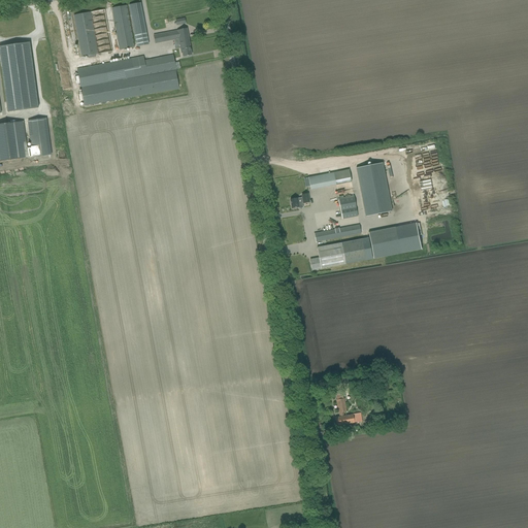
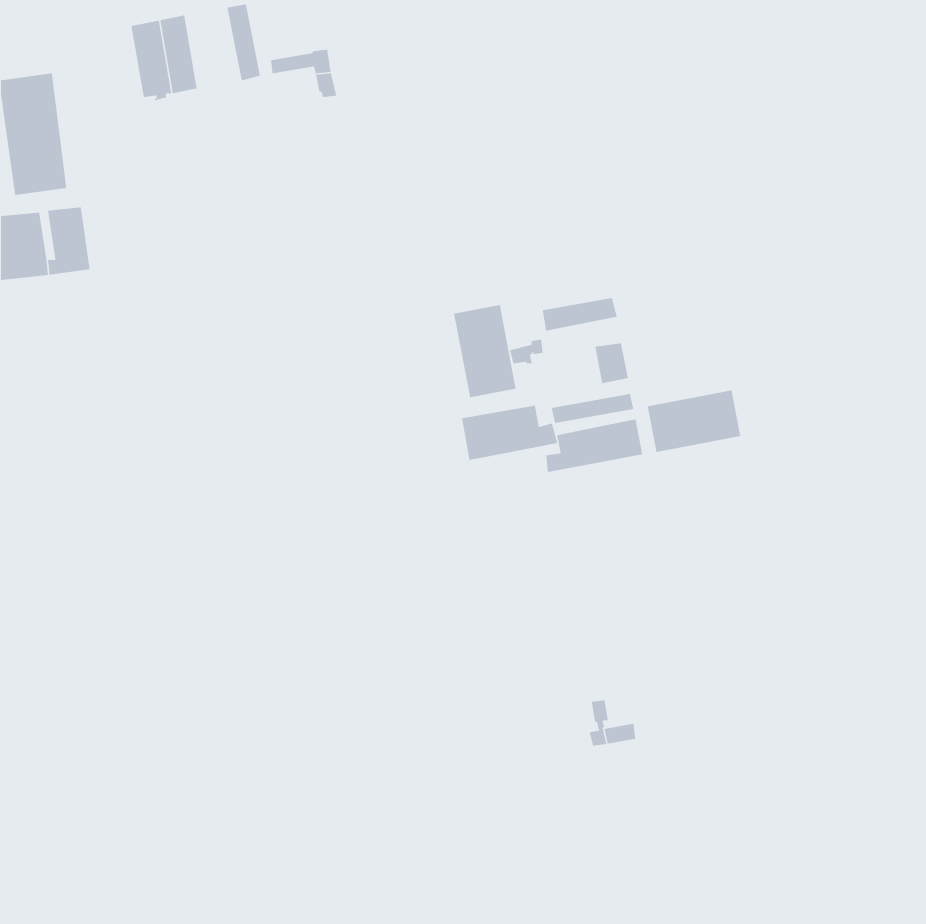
building: [111,4,134,50] -> none
building: [77,54,179,106] -> none
building: [356,162,392,216] -> [453,304,517,398]
building: none -> [461,405,558,461]

